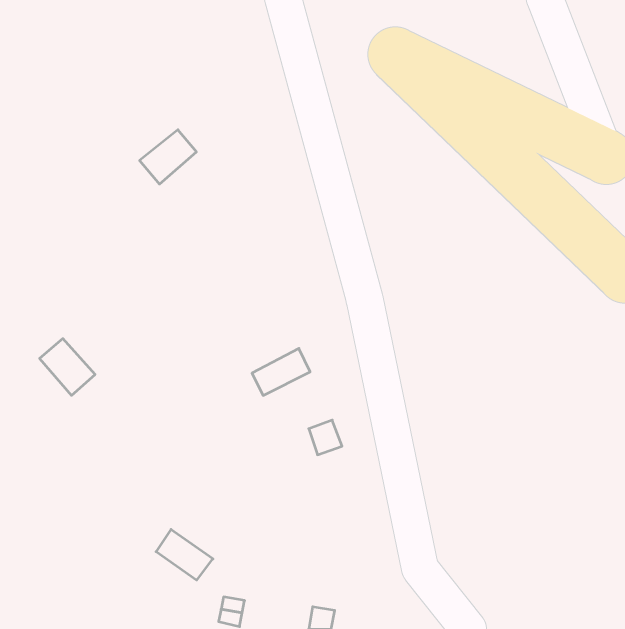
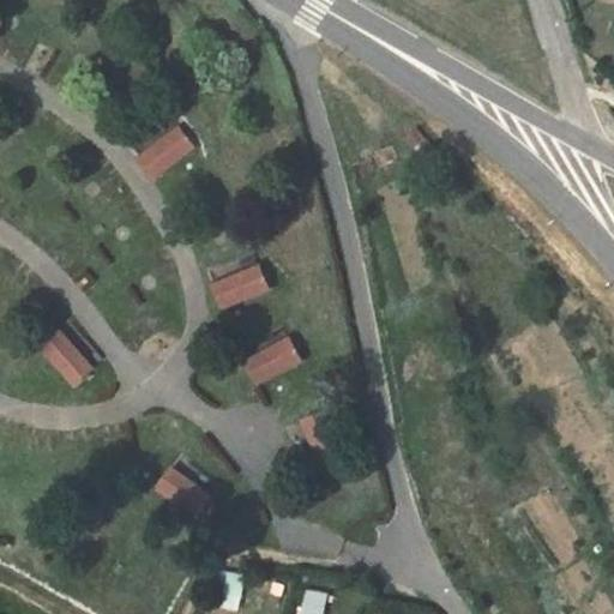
building: none -> [209,264,265,308]
building: [156,529,213,580] -> [154,464,209,513]

